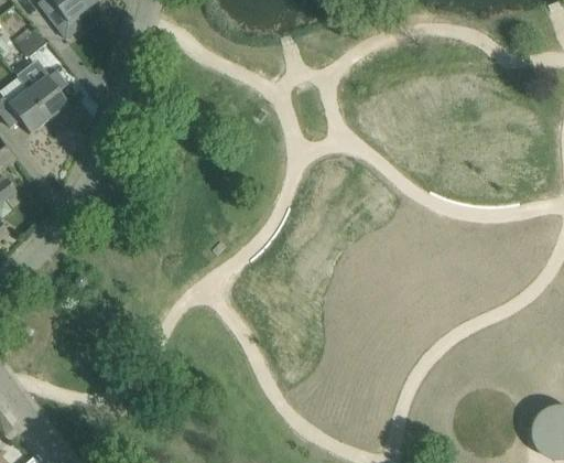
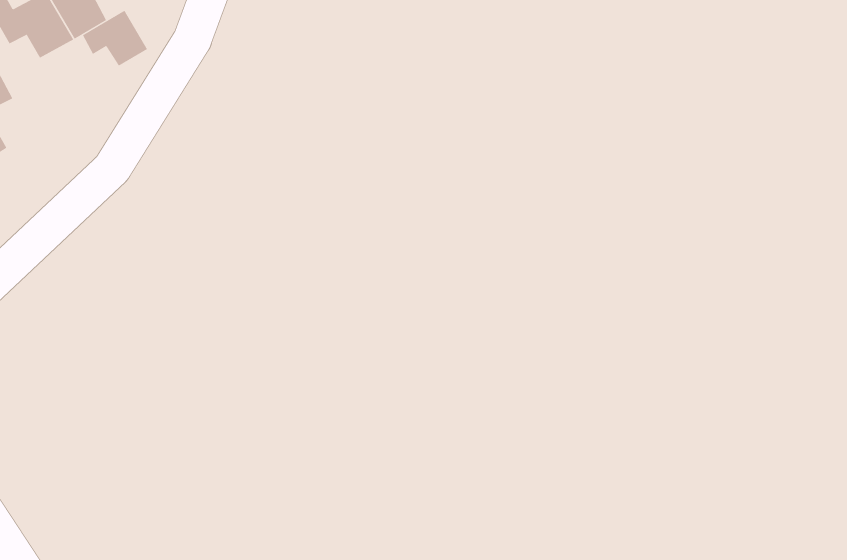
building: none -> [82,10,148,66]

